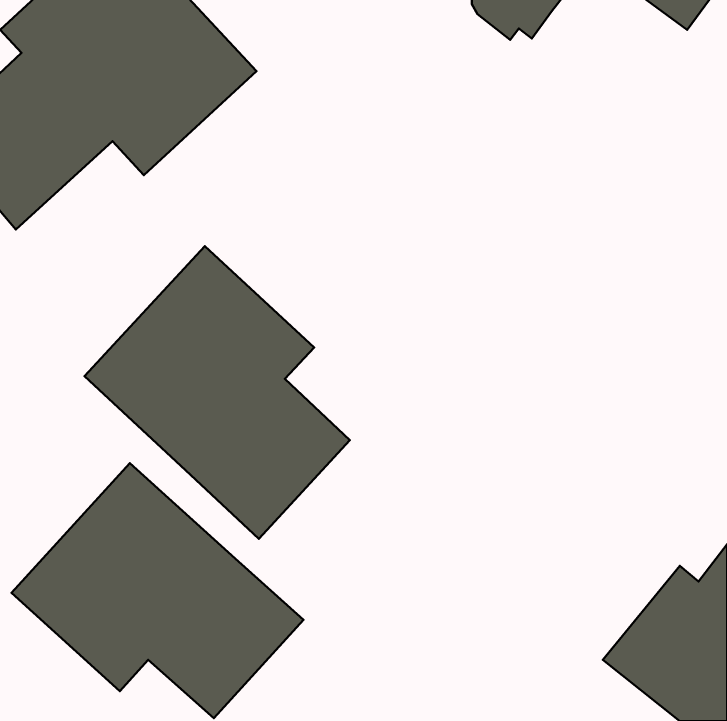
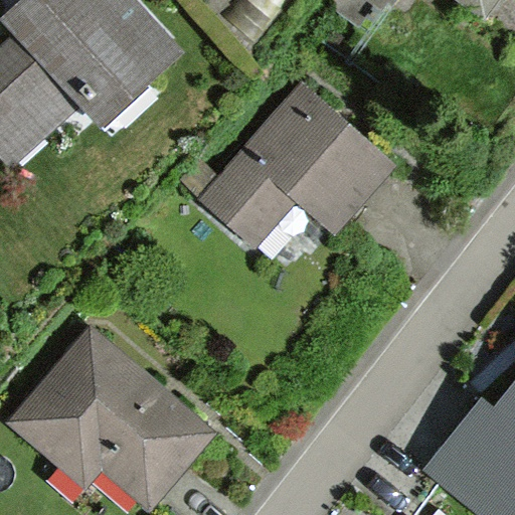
building: none -> [202,85,396,246]
building: [85,246,350,539] -> none

